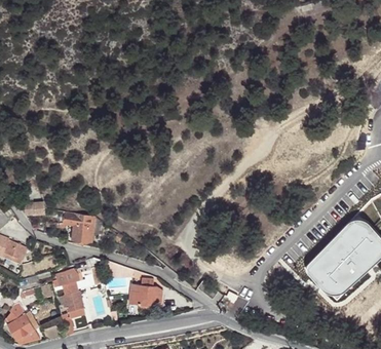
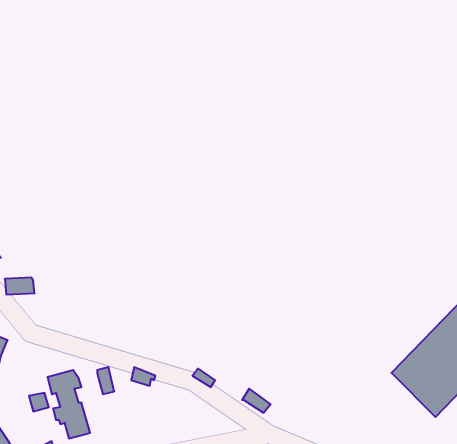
building: [66,211,97,242] -> none
building: [127,279,155,310] -> none

